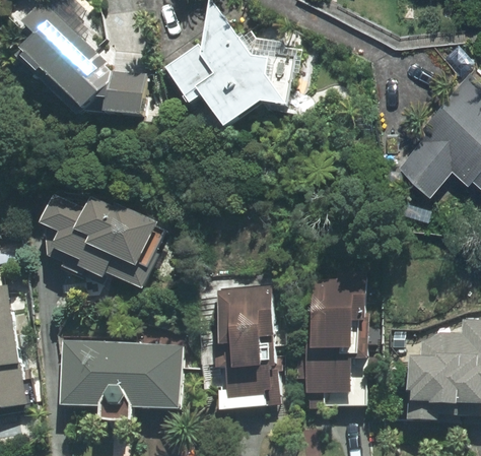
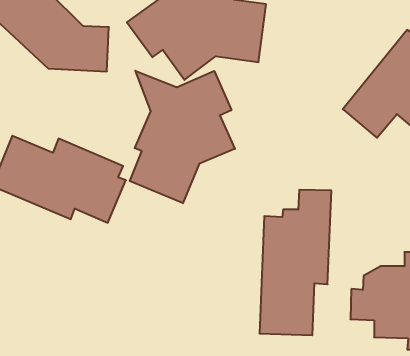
building: none -> [130,71,235,203]
building: [200,277,276,407] -> none
building: [57,339,184,421] -> none

